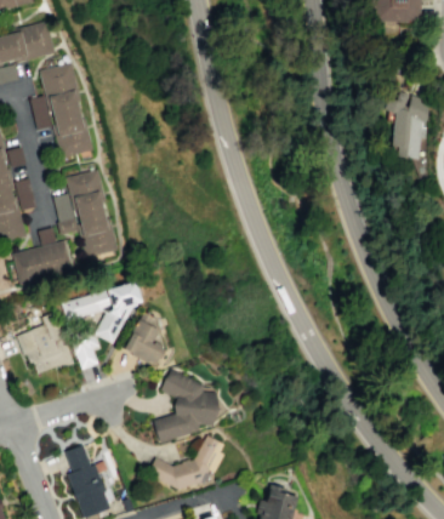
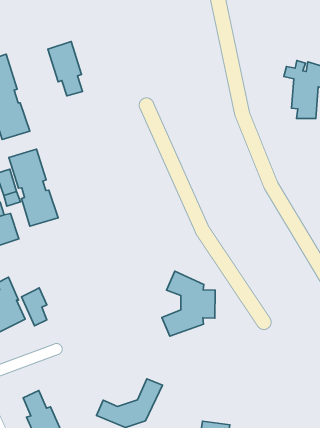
building: none -> [48,41,83,96]
building: [62,283,142,343] -> none
building: [124,324,164,369] -> none
building: [152,371,214,444] -> [162,271,215,336]

